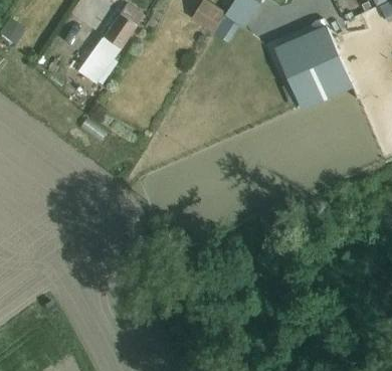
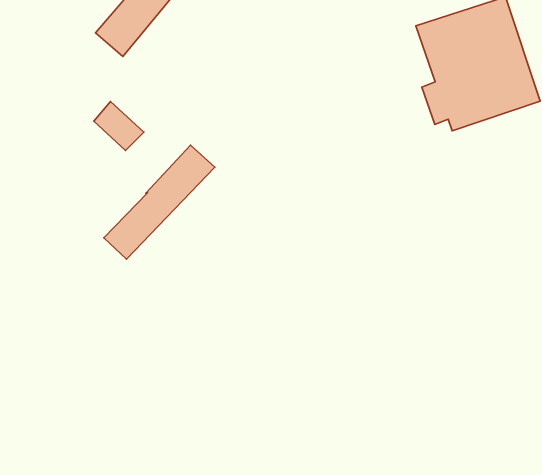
building: none -> [104,145,215,259]

